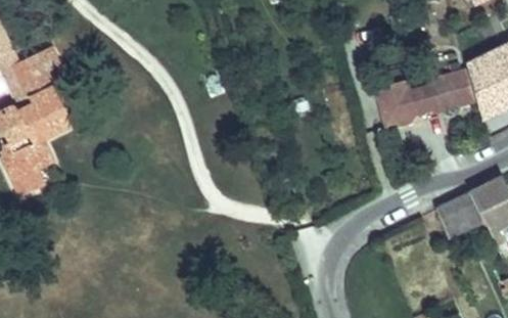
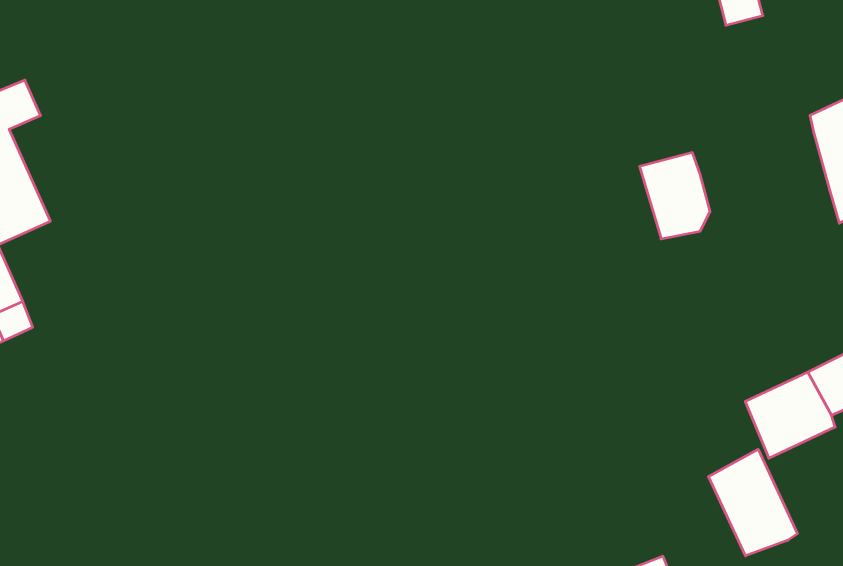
building: [409,71,476,111] -> none
building: none -> [708,449,797,556]

